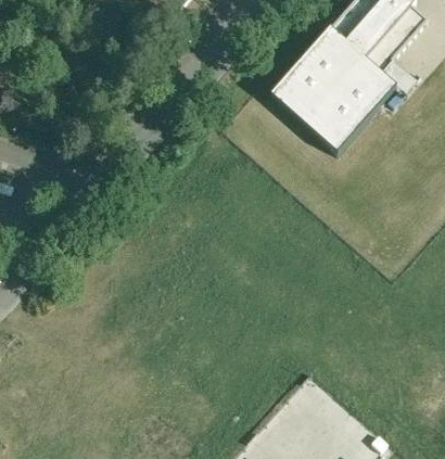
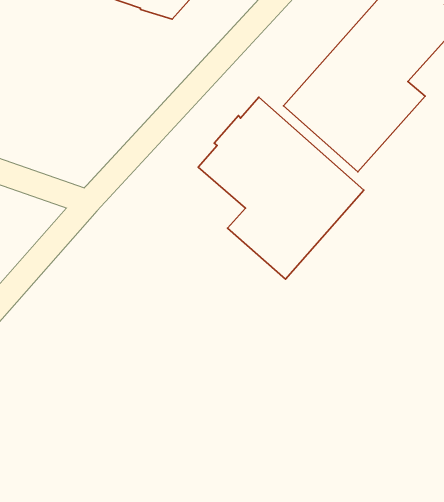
building: none -> [198,97,364,279]

